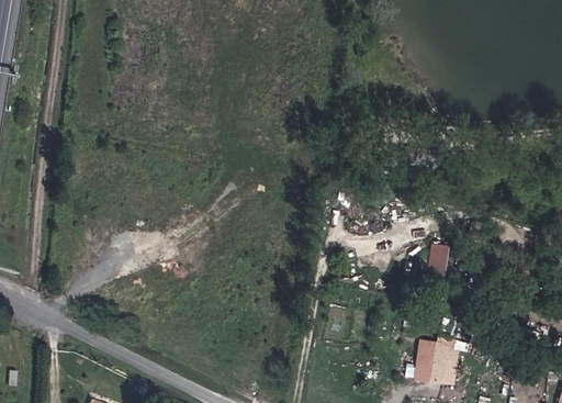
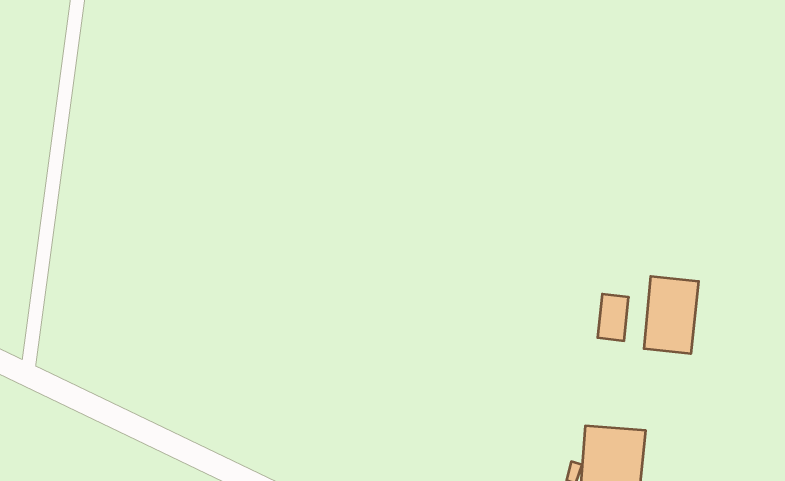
building: none -> [644,276,699,354]

